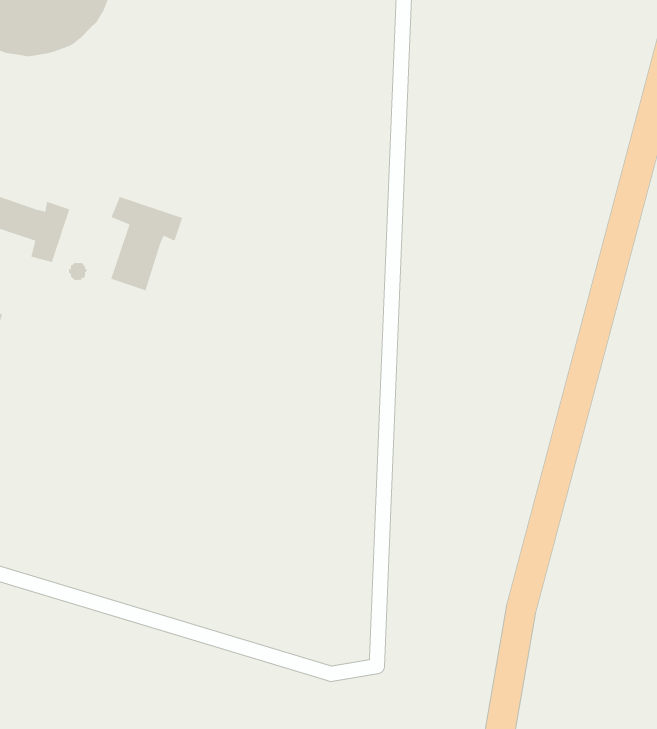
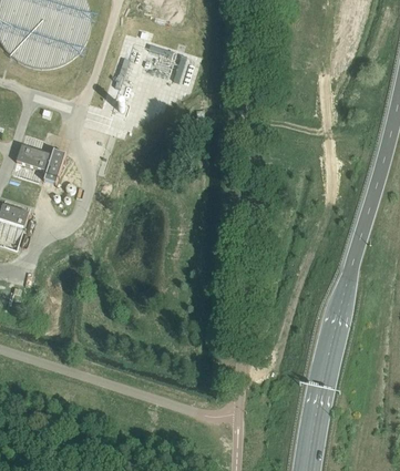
building: [111,196,183,291] -> none

